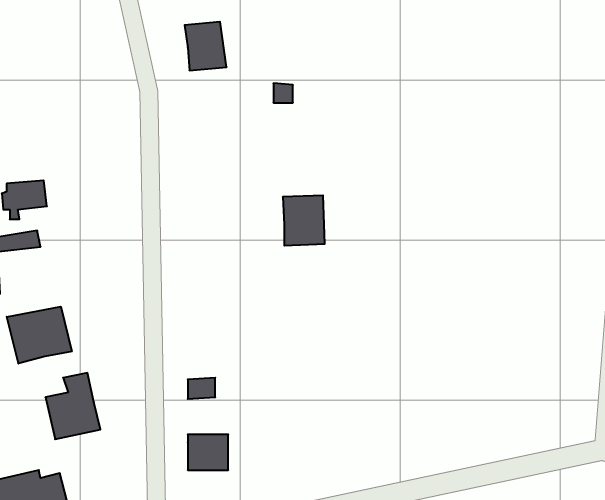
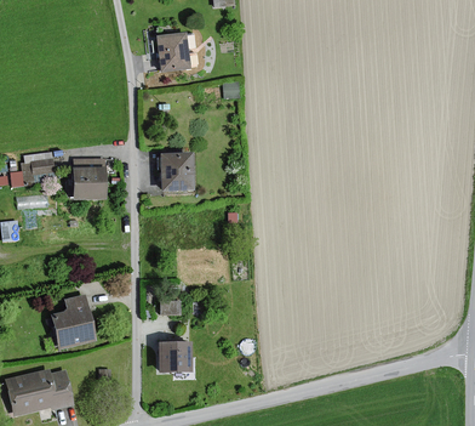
building: none -> [74,160,105,198]
building: [283,195,325,246] -> [161,153,193,191]
building: [7,307,72,364] -> none

